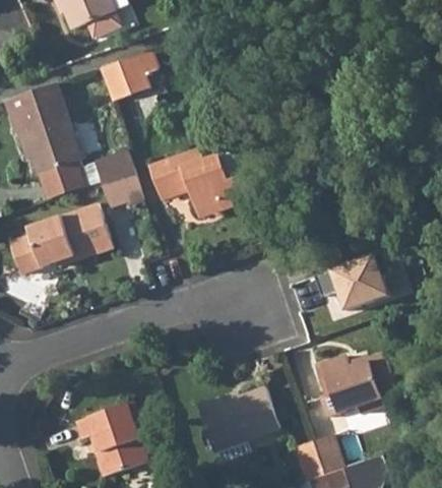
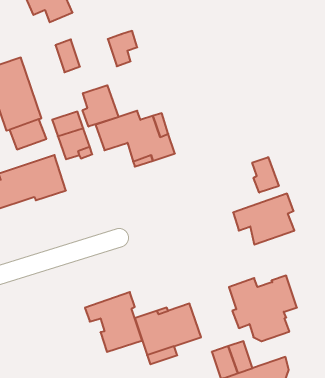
building: [118,50,154,94] -> [108,31,137,66]
building: none -> [83,85,118,127]
building: none -> [252,157,279,193]
building: [75,401,146,475] -> [85,292,142,352]

